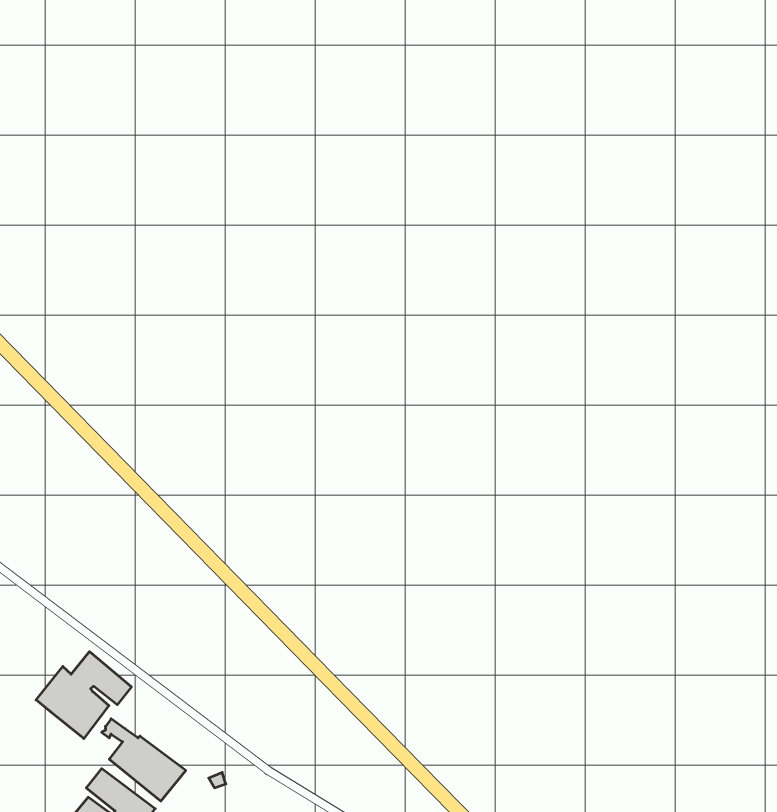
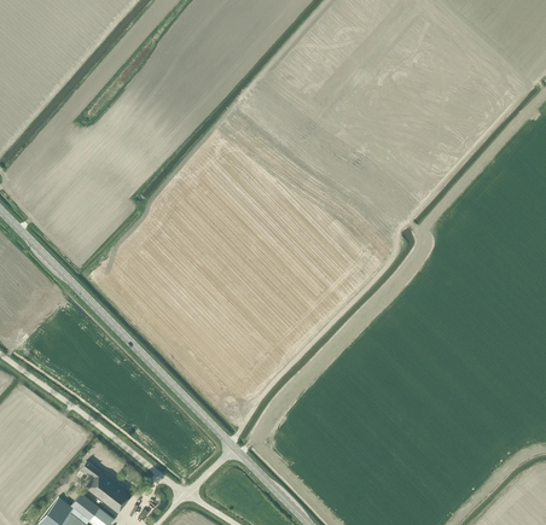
building: [36,652,131,739] -> none

